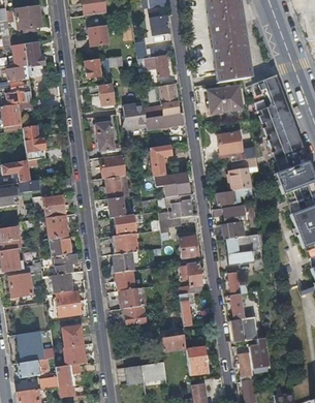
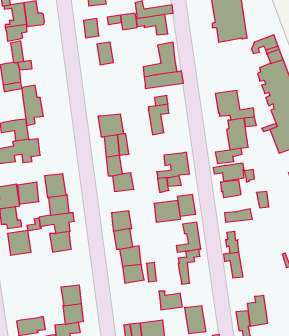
building: [208,86,242,112] -> none
building: [123,102,147,128] -> none
building: [95,121,122,157] -> none
building: [154,173,188,193] -> none
building: [42,195,64,217] -> [17,182,39,204]
building: [112,233,138,254] -> [154,200,181,222]
building: [224,235,252,254] -> none
building: [56,291,81,317] -> none
building: [230,317,258,342] -> none
building: [18,331,54,362] -> none

